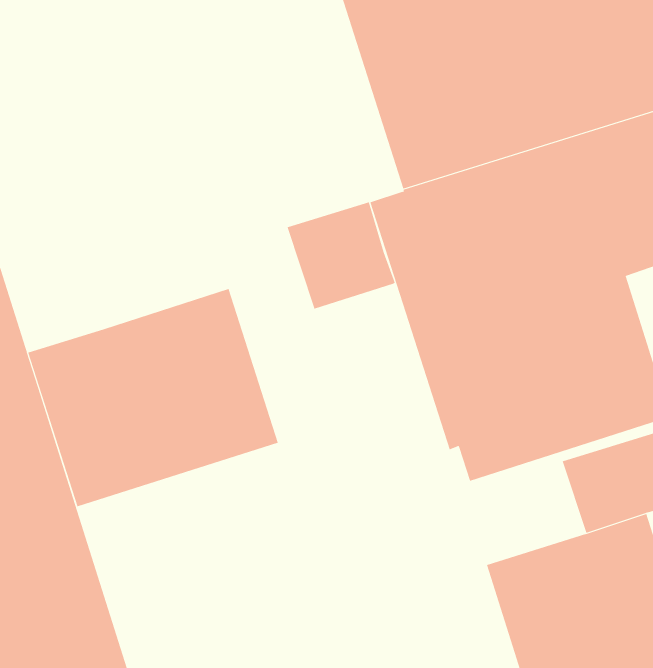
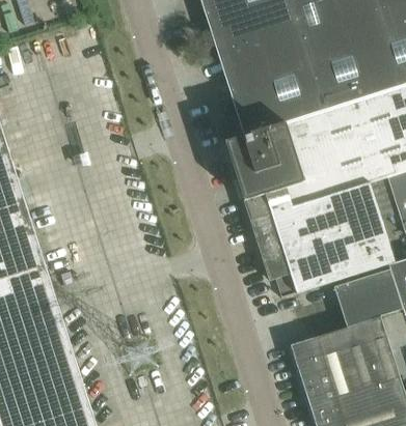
building: [287,202,395,310] -> none
building: [27,288,278,507] -> none

